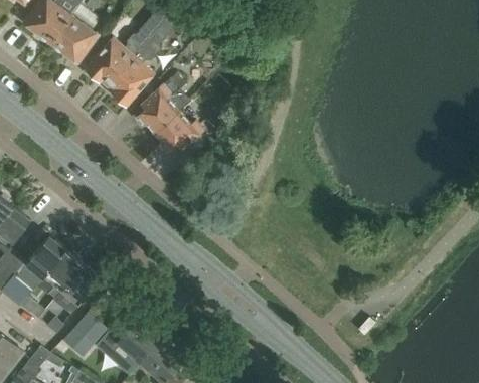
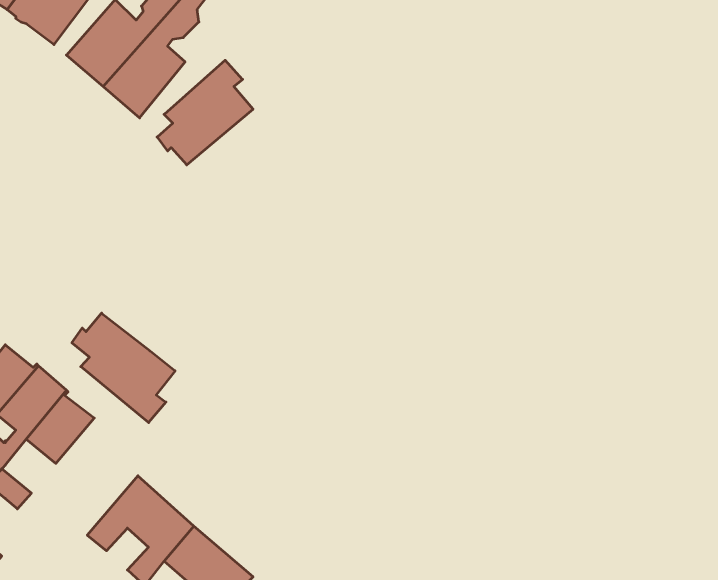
building: [154,113,203,153] -> none
building: none -> [72,313,175,423]
building: [65,313,108,356] -> none

